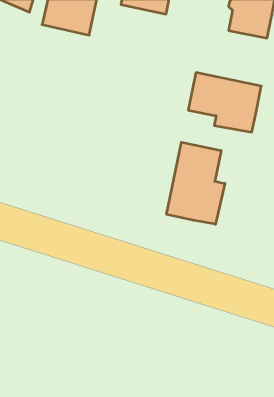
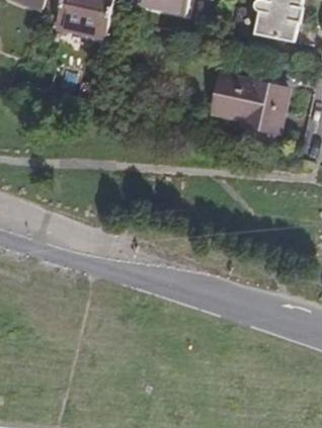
building: [167,142,225,224] -> none

